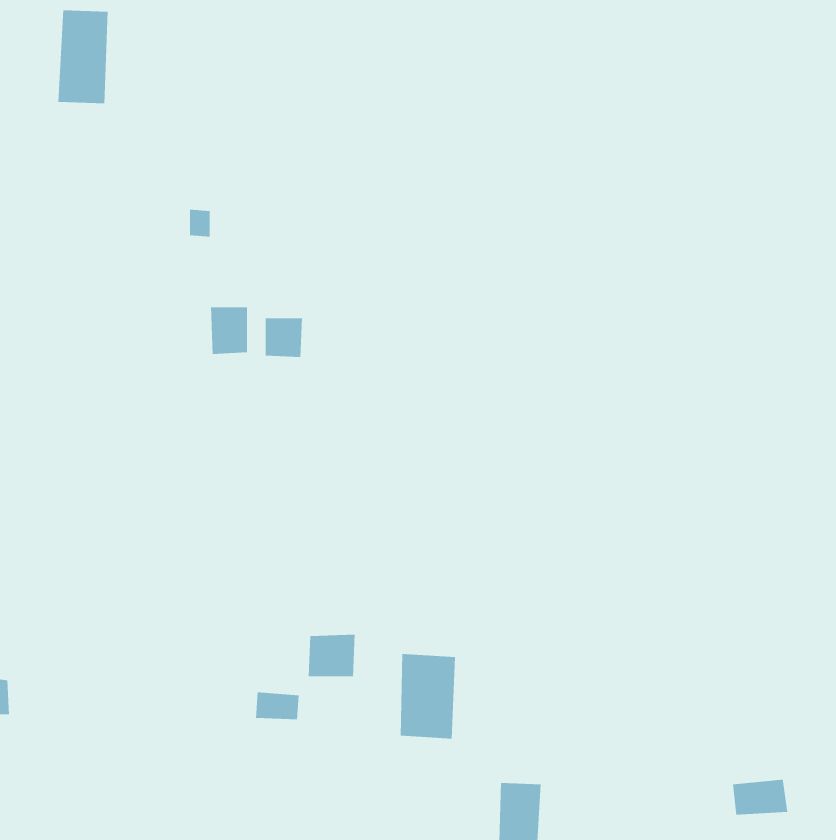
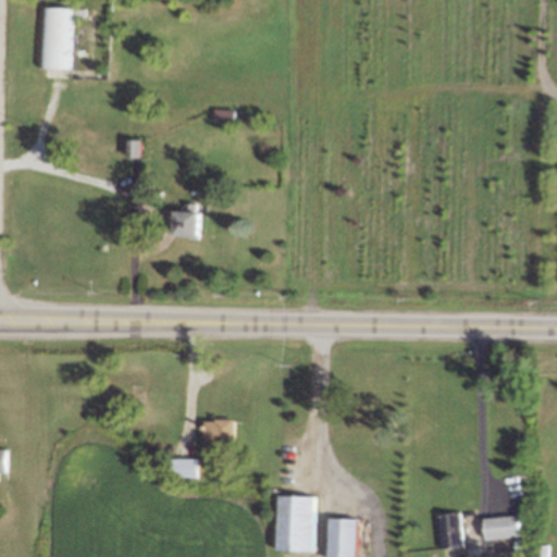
building: [211,307,248,355] -> none
building: [400,654,456,739] -> [278,495,315,552]
building: none -> [436,513,462,552]

